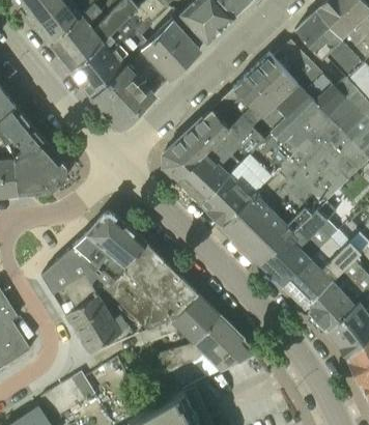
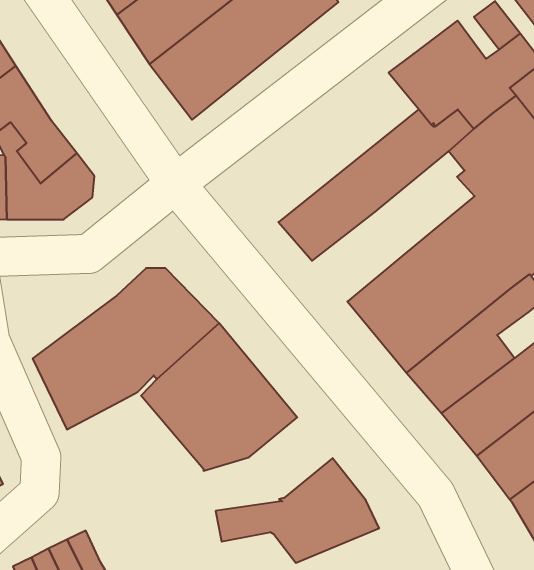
building: [162,88,252,181] -> none
building: [198,131,289,224] -> none
building: [64,292,121,352] -> none
building: [138,294,221,344] -> none

